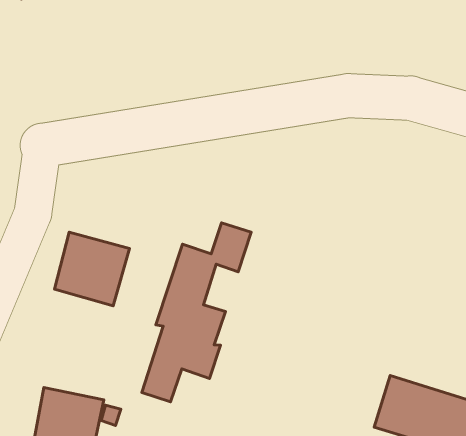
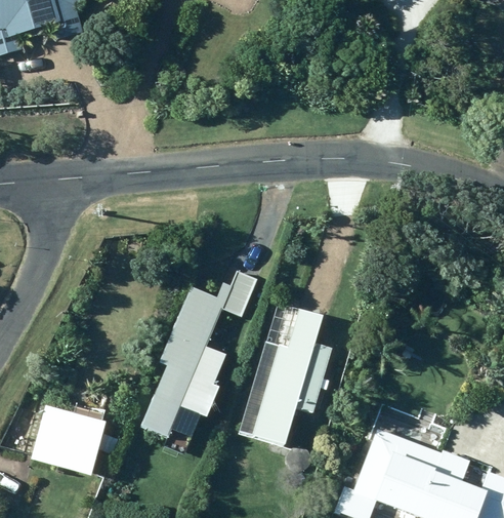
building: [54,232,130,306] -> none
building: none -> [239,308,332,444]

